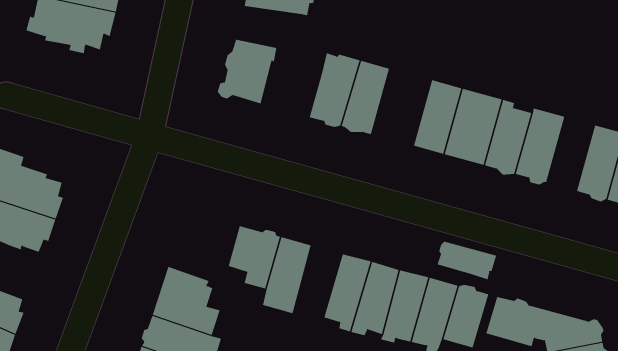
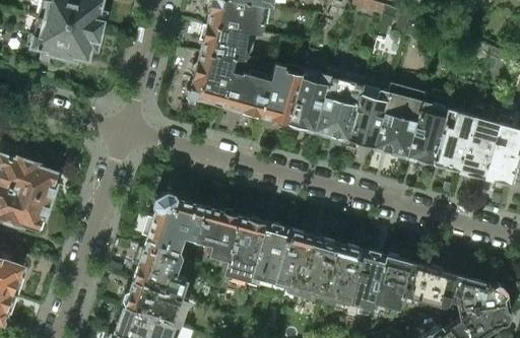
building: none -> [201,25,256,61]
building: none -> [222,71,272,120]
building: none -> [314,77,364,141]
building: none -> [459,117,499,181]
building: none -> [145,193,204,253]
building: [437,241,497,280] -> none
building: none -> [250,223,289,283]

